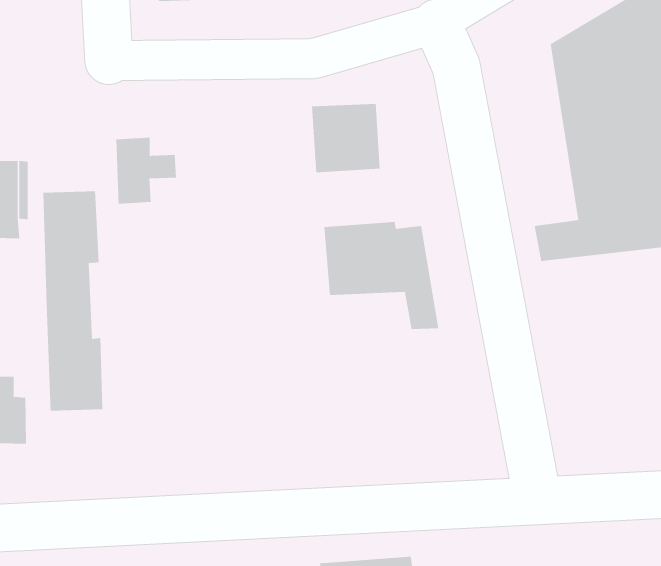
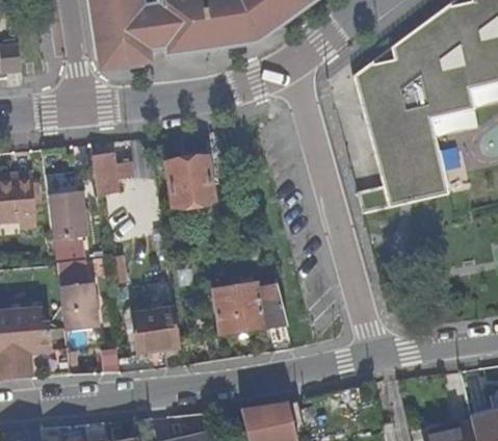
building: [311,103,381,173] -> [165,157,212,204]
building: [323,222,439,329] -> [212,282,290,348]
building: none -> [128,306,178,347]

